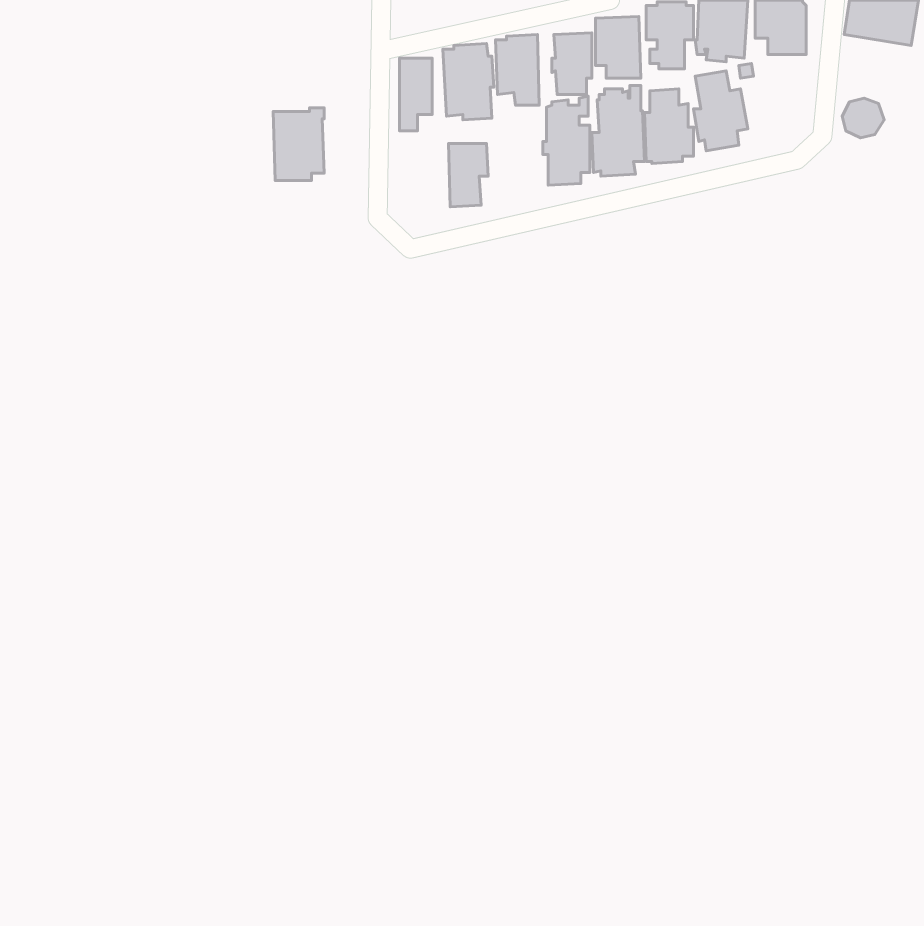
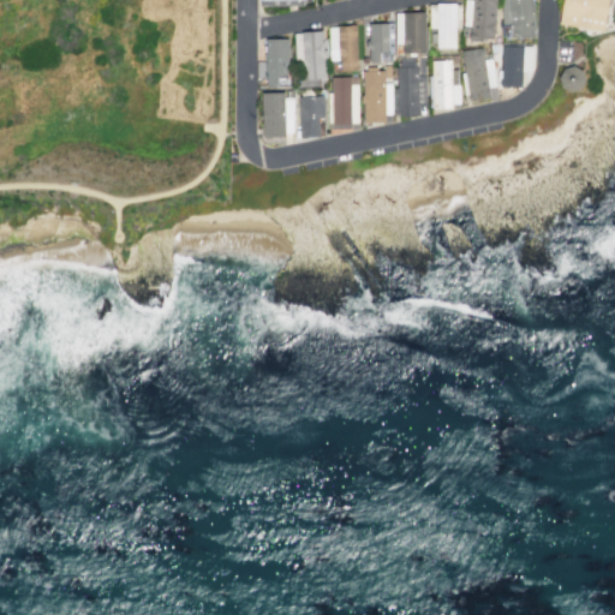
building: none -> [502,46,533,88]
building: [273,108,324,181] -> [262,90,295,138]
building: none -> [328,77,359,126]

